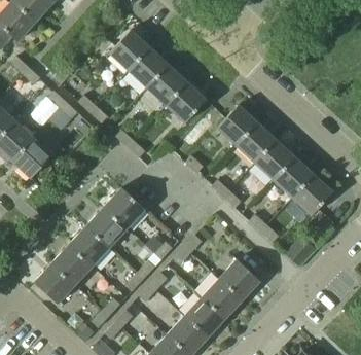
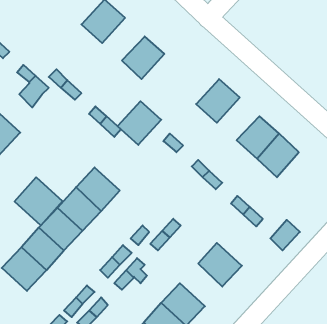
building: [128,46,168,86] -> none
building: [165,80,206,121] -> [118,101,161,145]
building: [236,121,276,162] -> none
building: [292,173,332,214] -> none
building: none -> [15,177,62,225]
building: [201,278,241,318] -> none

